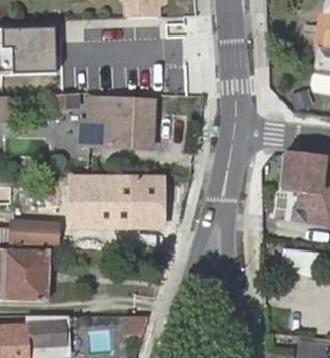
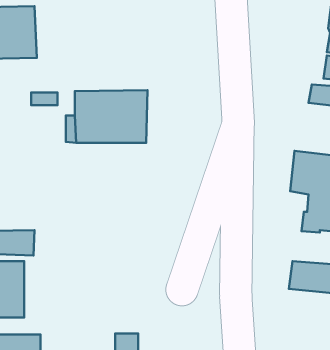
building: [68,174,165,228] -> none

